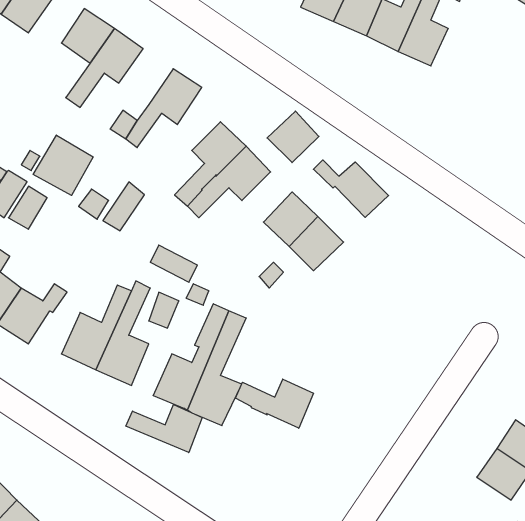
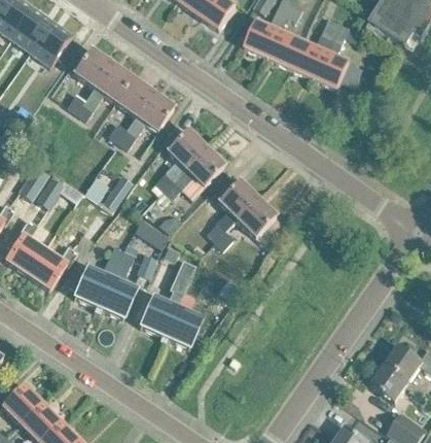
building: none -> [114,76,153,116]
building: [267,111,319,163] -> none
building: [33,135,93,195] -> none
building: [313,160,389,217] -> none
building: [236,379,313,428] -> none
building: [126,404,202,453] -> none

